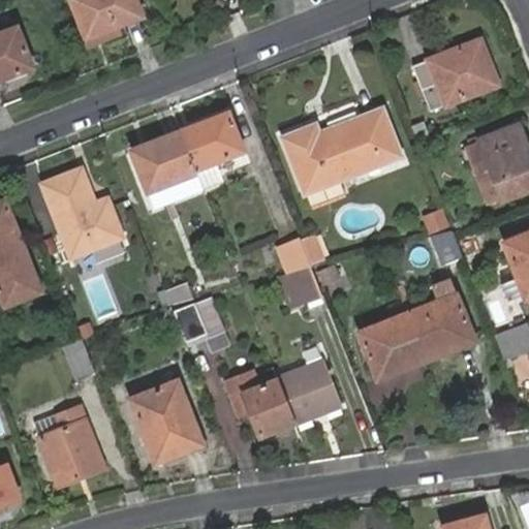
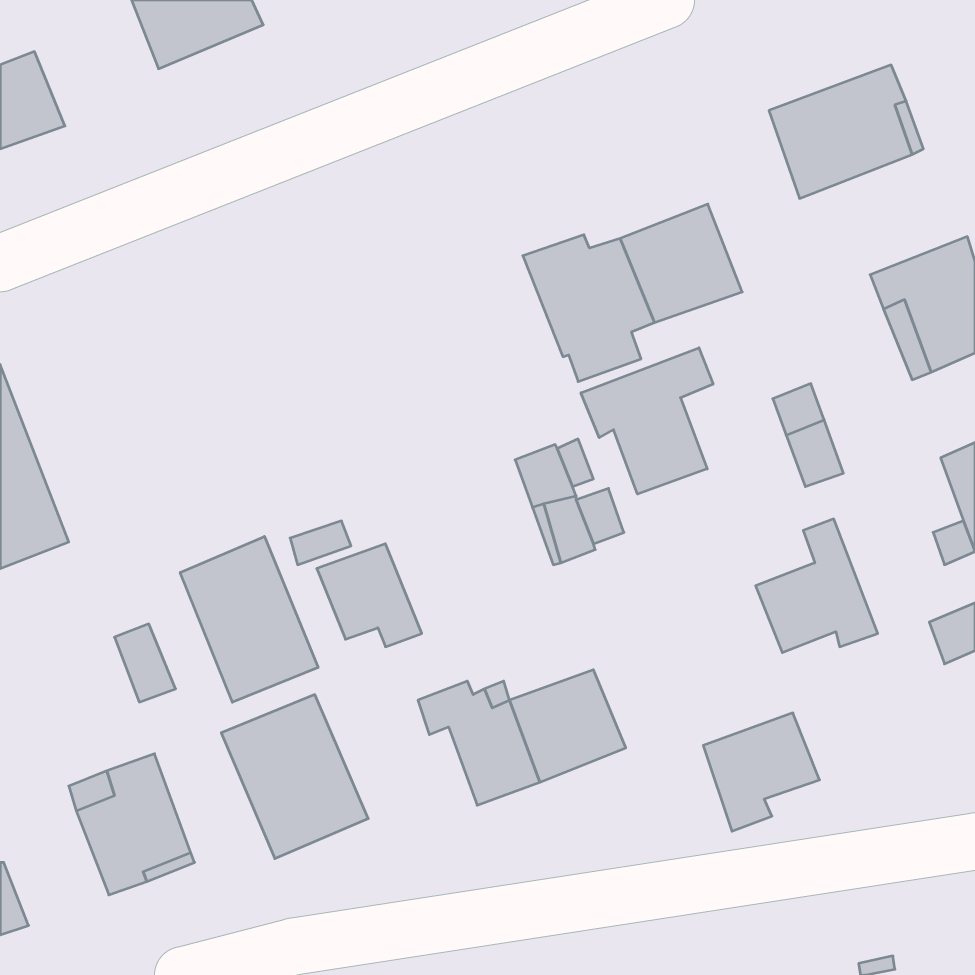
building: [124,106,244,192] -> none
building: [43,173,121,258] -> none
building: none -> [581,348,713,494]
building: none -> [180,536,318,702]
building: [361,317,424,381] -> [703,713,820,831]

